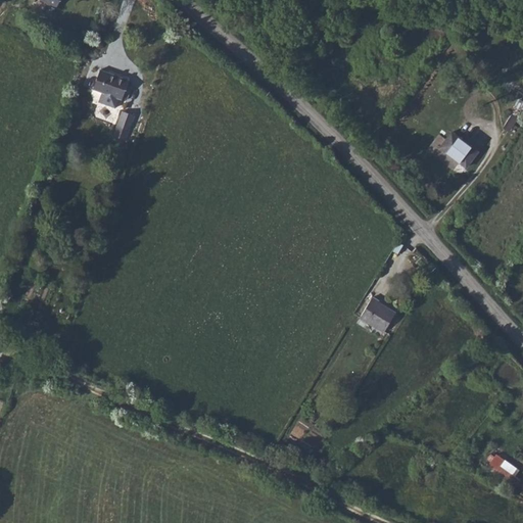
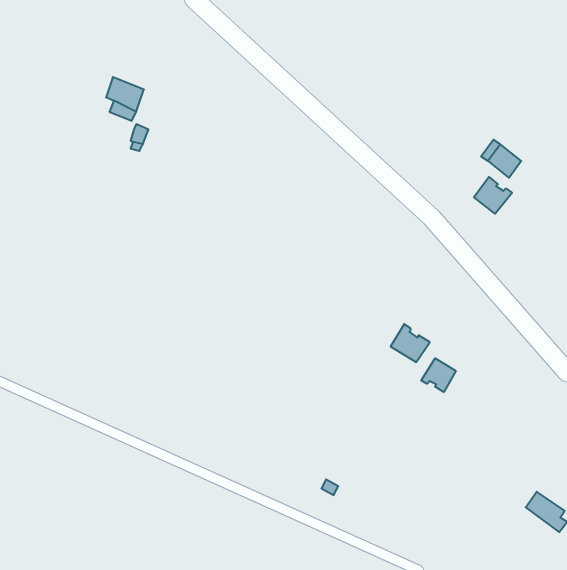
building: none -> [474,177,512,214]
building: none -> [421,358,456,392]

